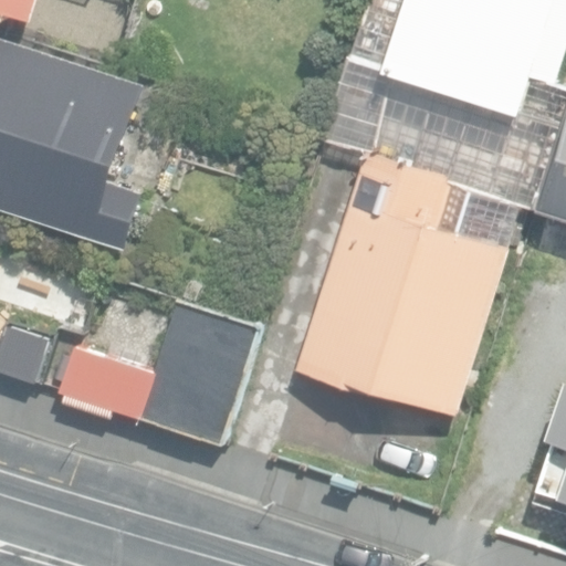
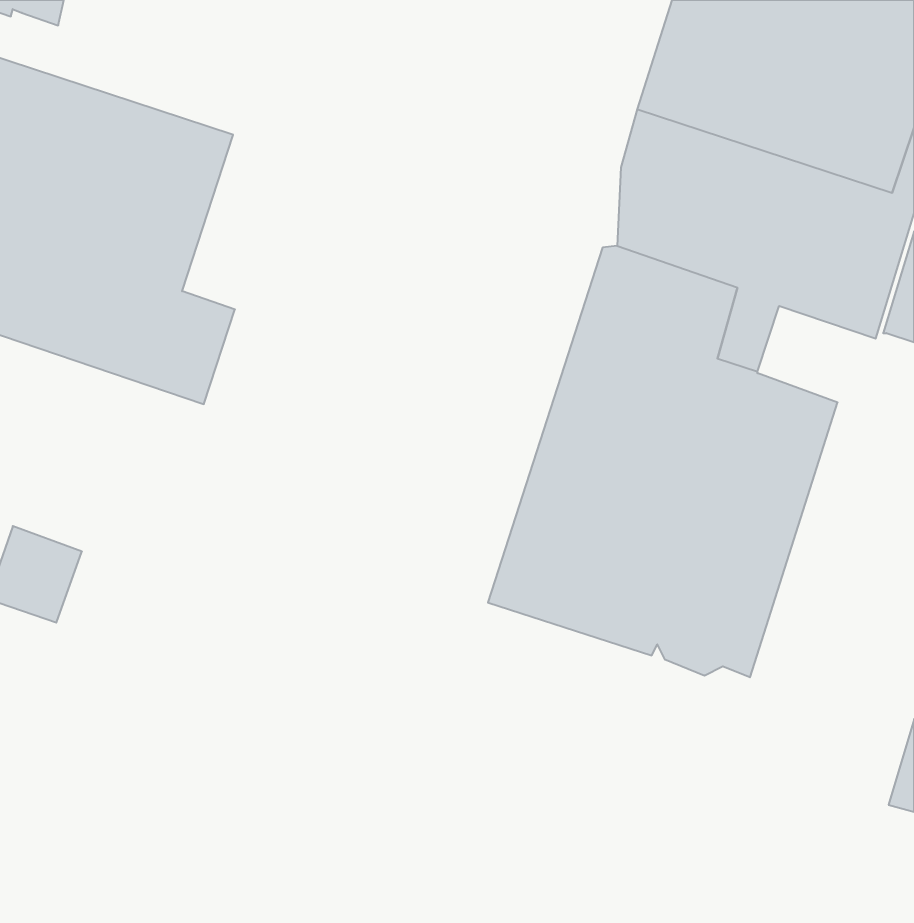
building: [56,300,258,444] -> none

